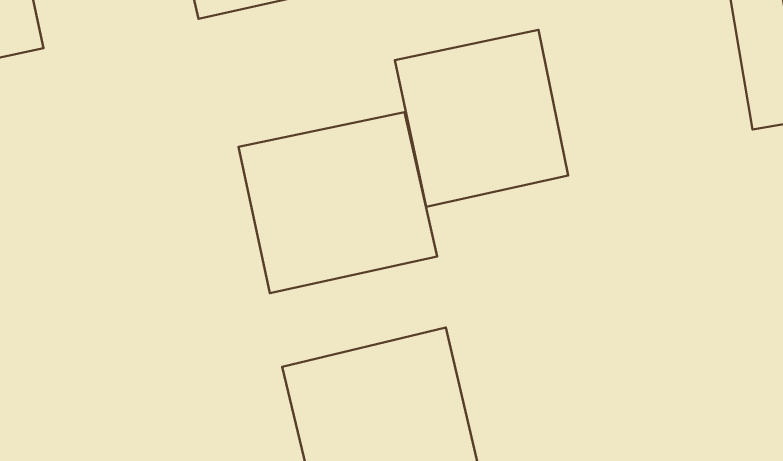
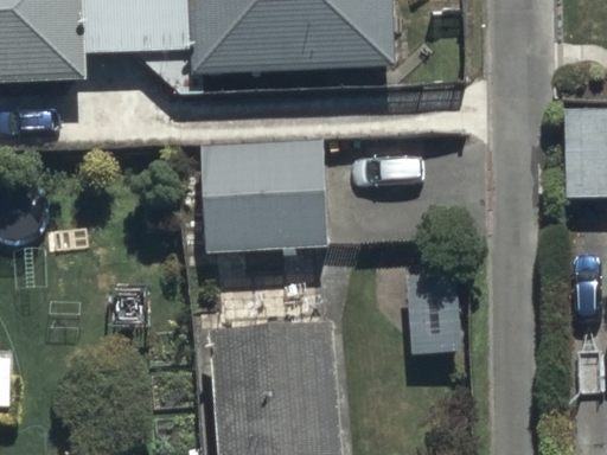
building: [395,30,568,207] -> none

